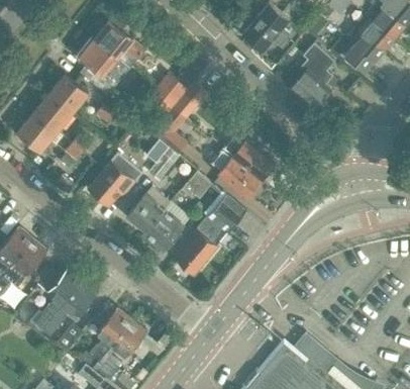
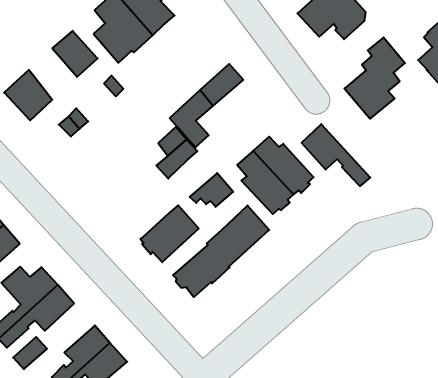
building: [150,73,187,110] -> none
building: [34,91,74,132] -> none
building: none -> [302,124,370,186]
building: [87,154,141,207] -> none
building: [127,187,170,231] -> none

